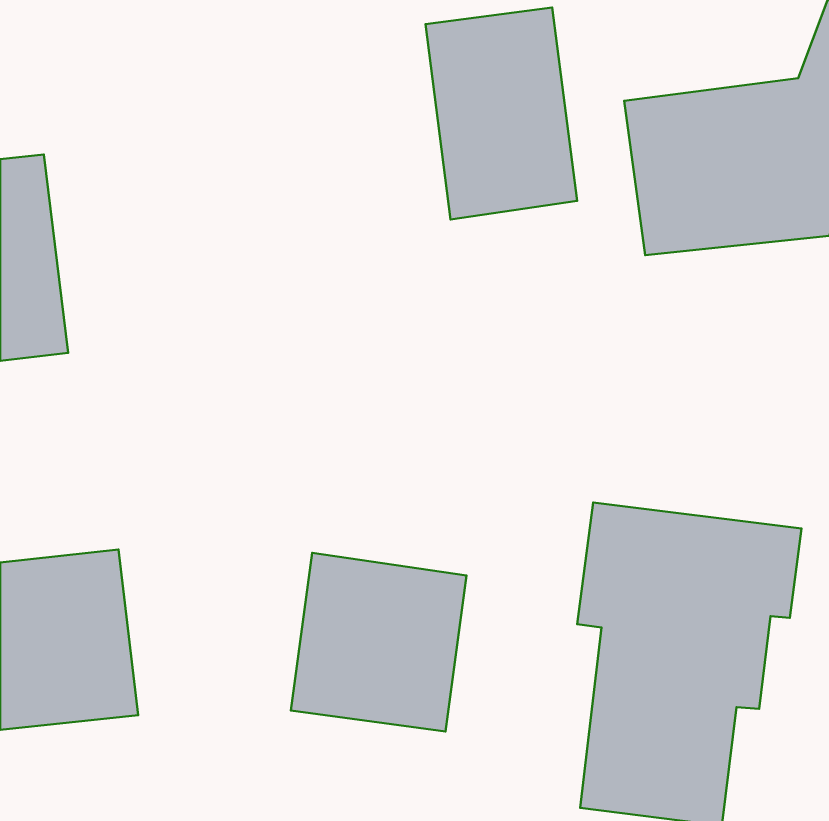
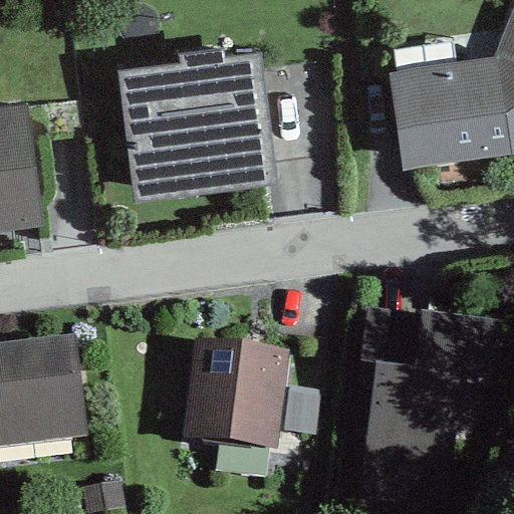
building: [426,8,577,219] -> none
building: none -> [117,48,274,197]

